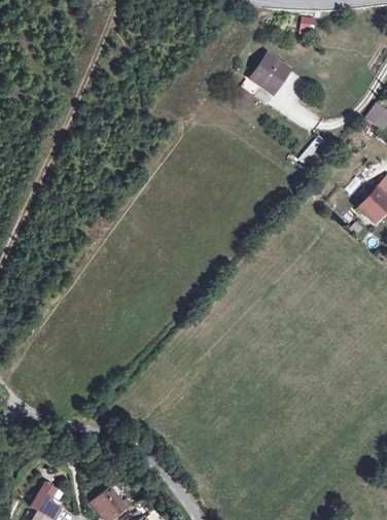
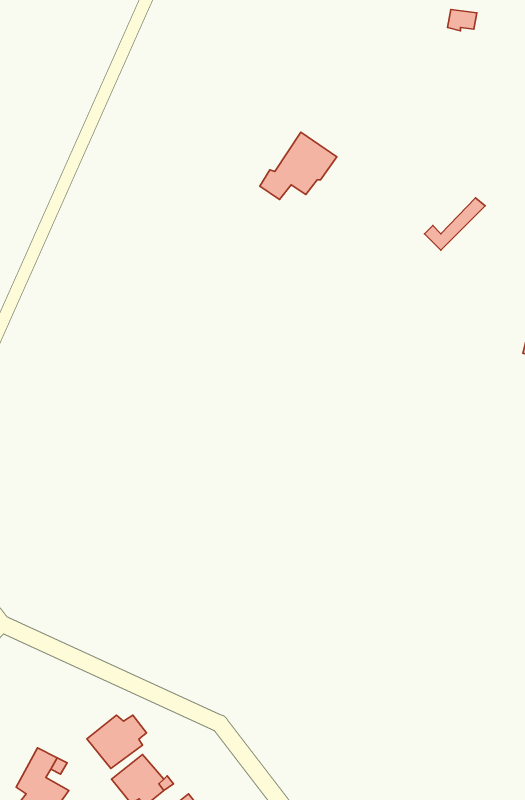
building: [242,54,290,96] -> [260,132,337,199]
building: none -> [87,715,147,769]

